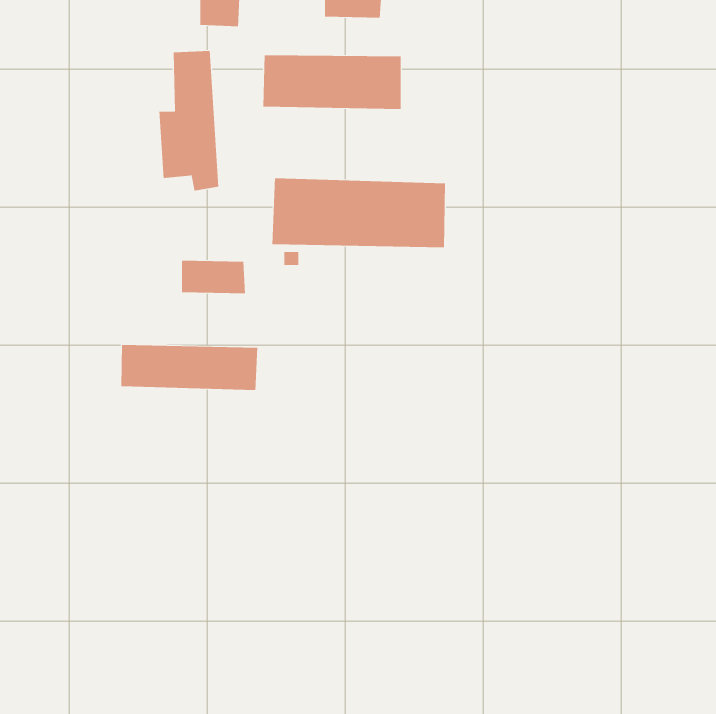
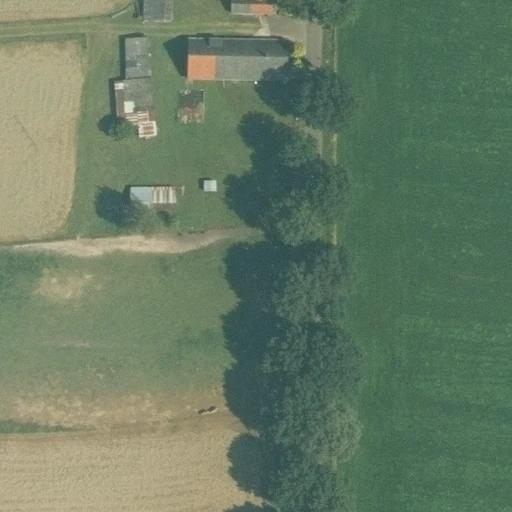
building: [272,177,445,248] -> none
building: [121,344,258,391] -> none

